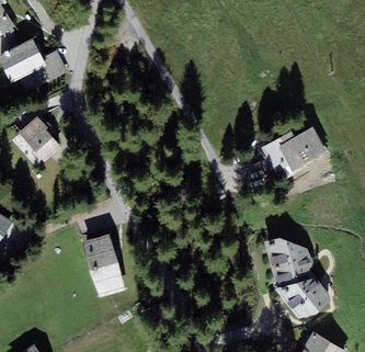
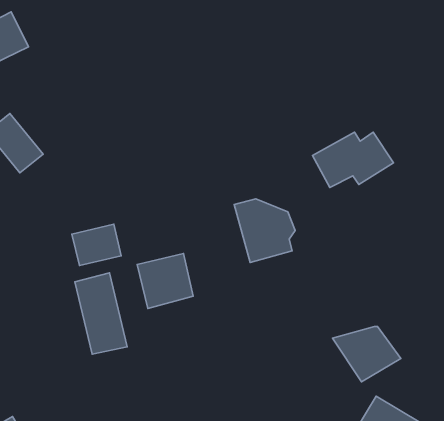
building: none -> [72,224,121,266]
building: none -> [137,253,193,308]
building: [266,237,312,285] -> [234,199,295,262]

